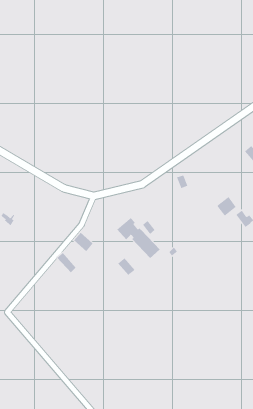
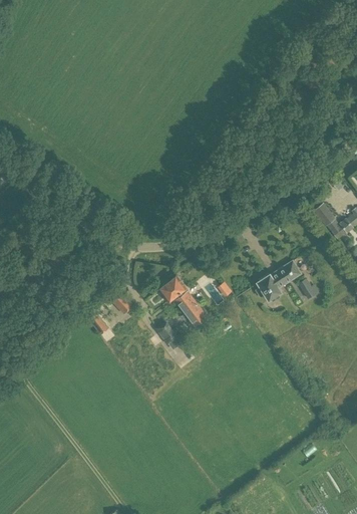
building: none -> [256,273,285,301]

